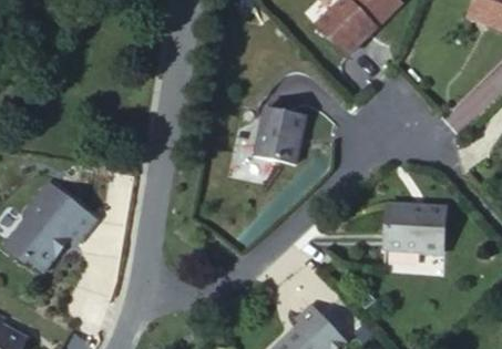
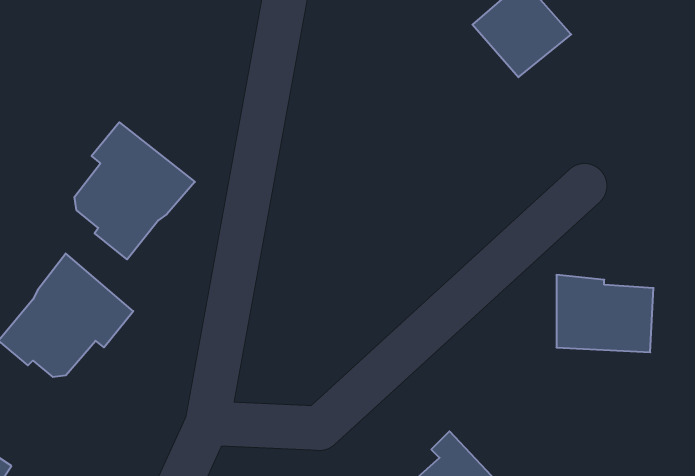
building: none -> [74,122,195,259]
building: [260,112,314,170] -> none

